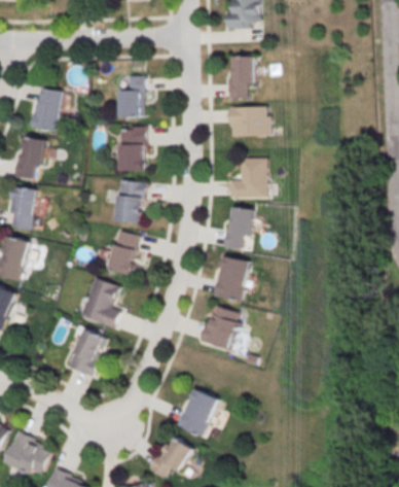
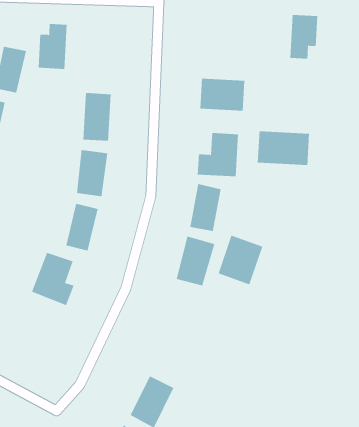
building: [228,57,253,98] -> [289,14,318,59]
building: [118,76,144,118] -> [38,24,68,70]
building: none -> [257,130,310,166]
building: [199,304,241,350] -> [218,235,263,285]
building: [68,328,105,375] -> none

